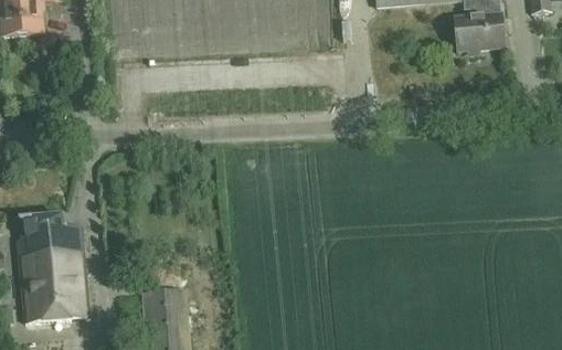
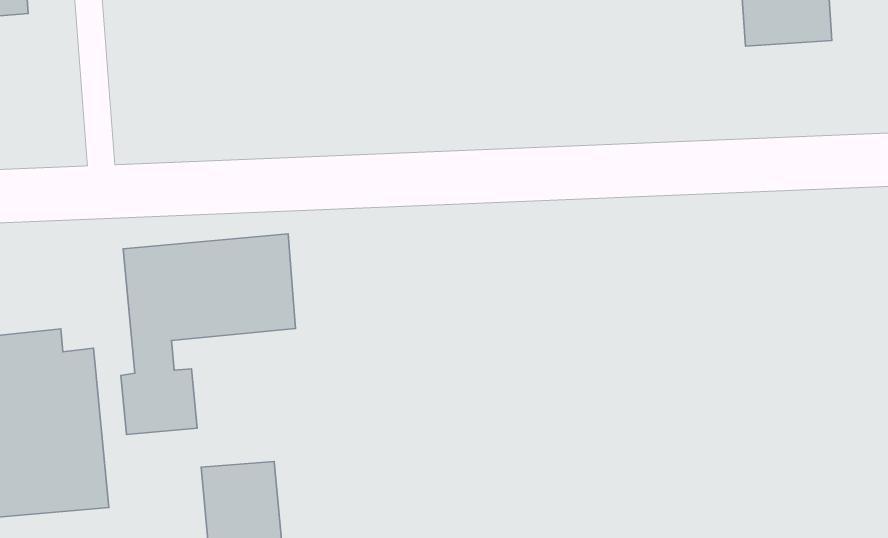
building: none -> [121,234,296,435]

